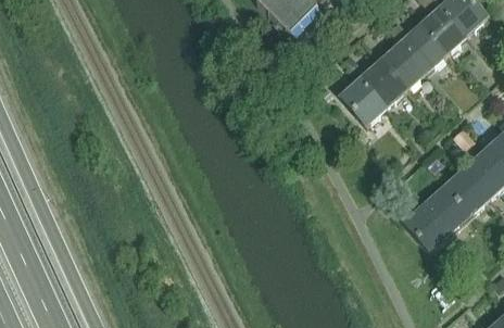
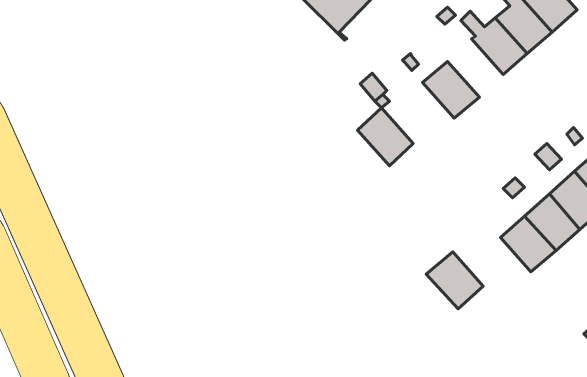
building: [381,41,427,89] -> none
building: [341,77,387,125] -> [358,108,413,166]
building: [403,204,450,251] -> [426,252,483,309]

